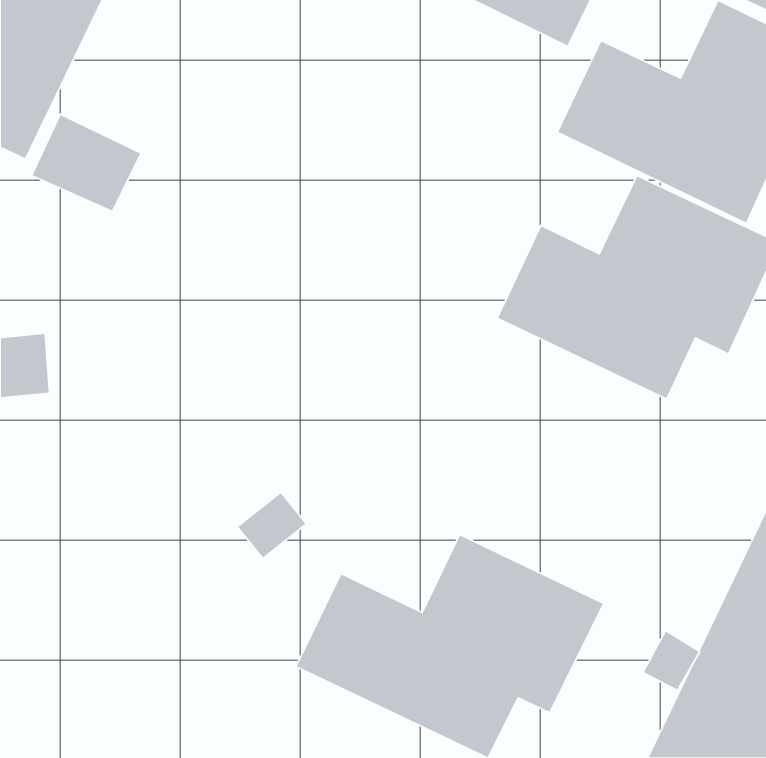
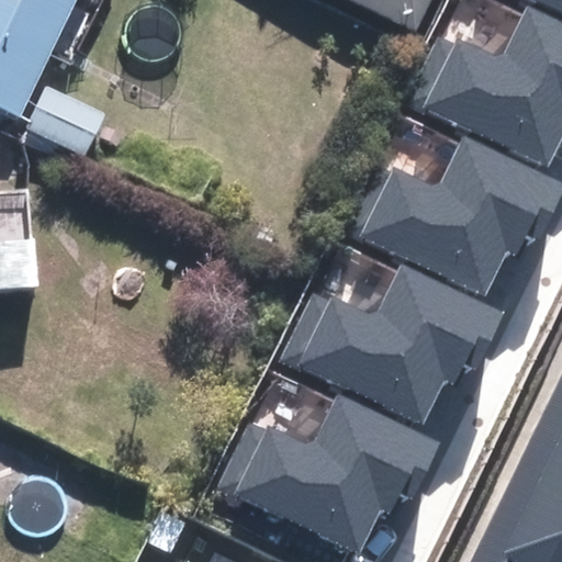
building: none -> [282,257,505,420]

